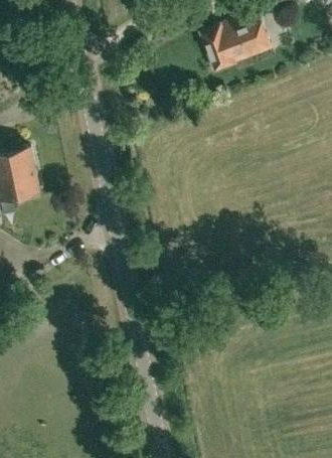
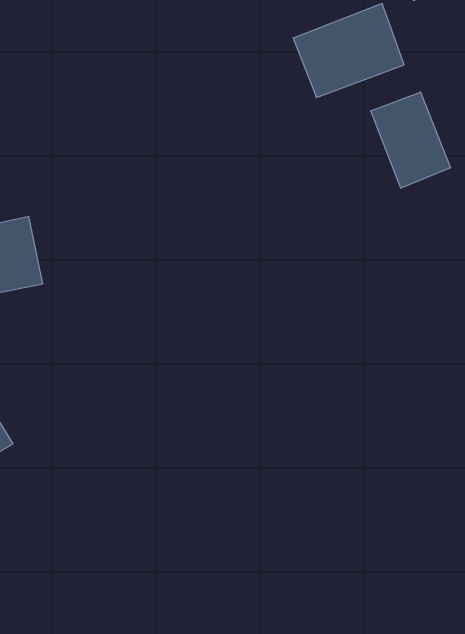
building: none -> [371,92,450,188]

